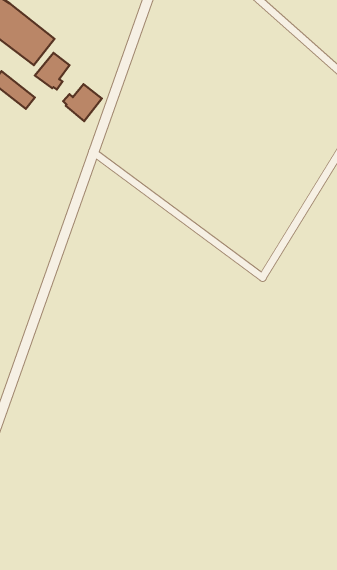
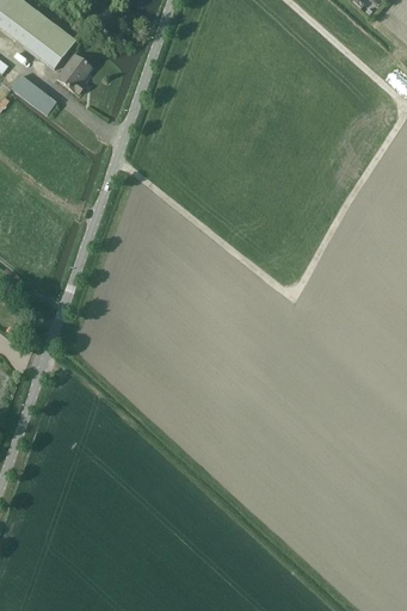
building: [63,84,102,121] -> none

